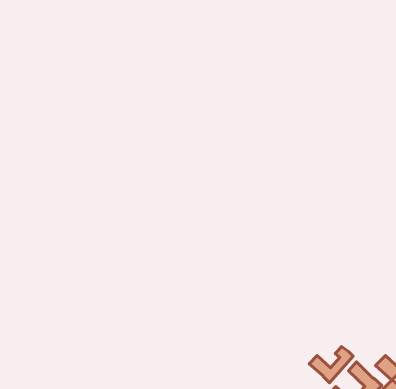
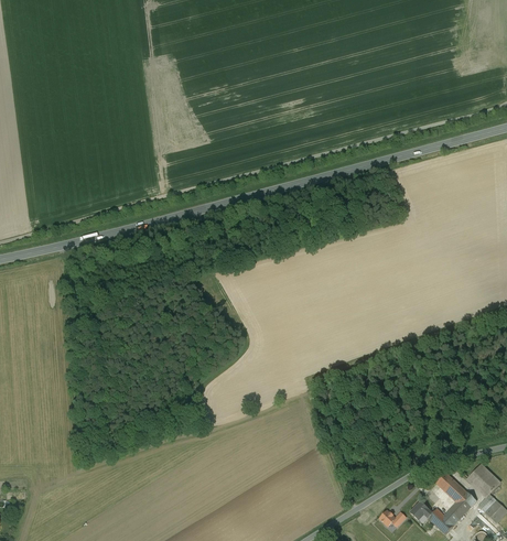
building: [309,346,353,383] -> none

